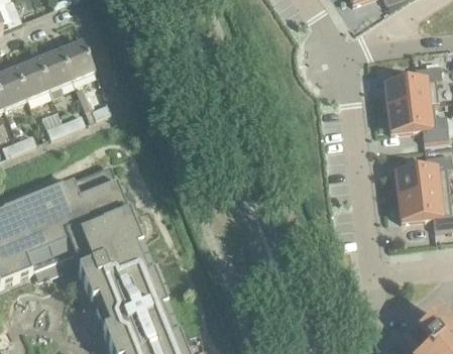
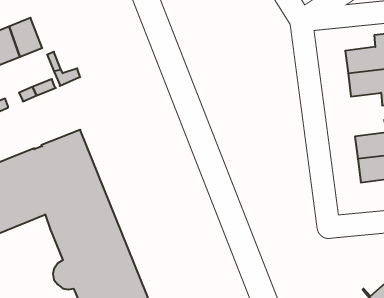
building: [58,39,92,80] -> none

